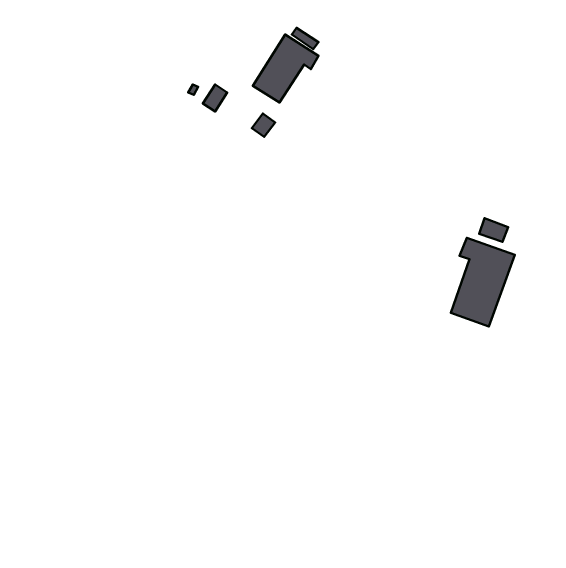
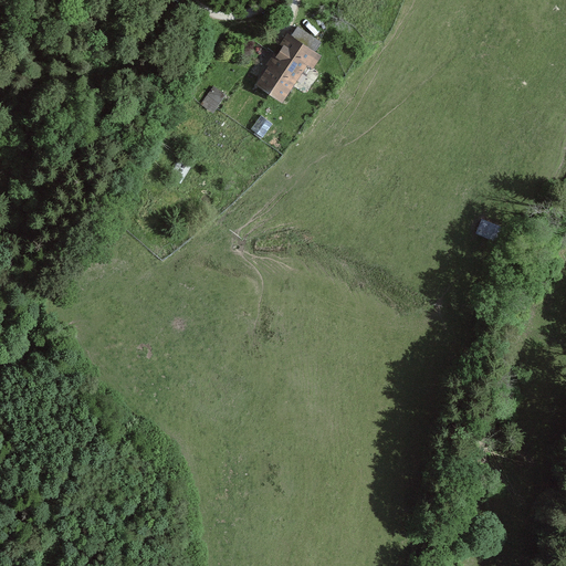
building: [451,238,515,327] -> none

